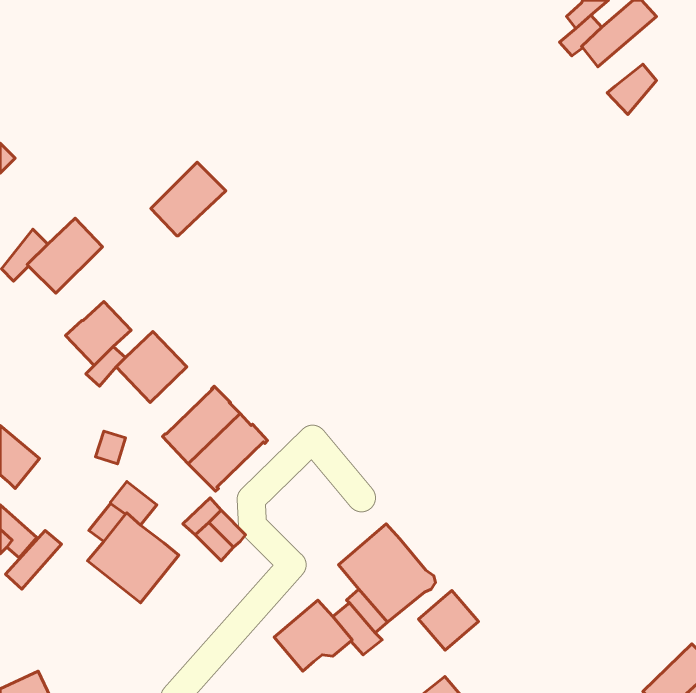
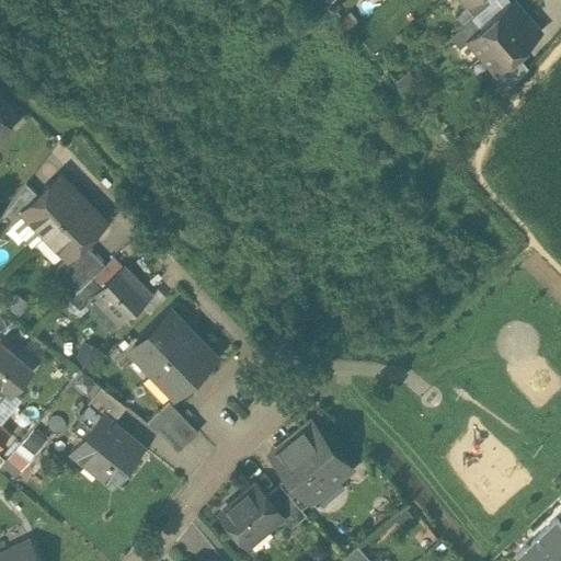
building: none -> [481,16,542,72]
building: [151,162,226,236] -> [46,202,106,261]
building: [419,591,479,650] -> none

